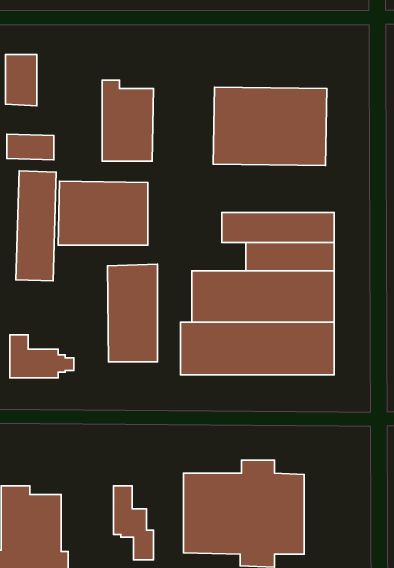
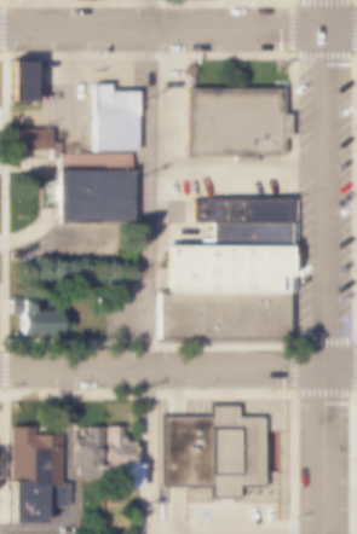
building: [16,171,56,281] -> none
building: [107,264,158,362] -> none
building: none -> [79,425,108,466]

